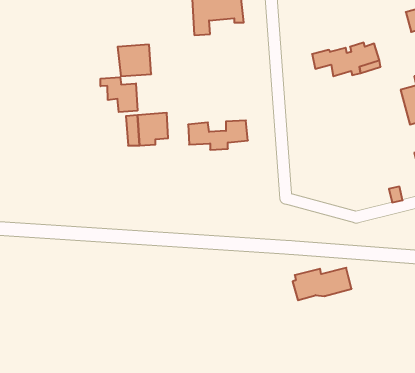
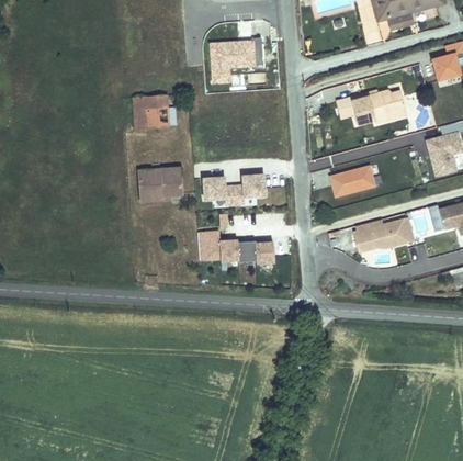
building: [101,77,137,112] -> none
building: none -> [330,168,374,196]
building: none -> [199,229,275,261]
building: [293,268,352,300] -> [353,218,415,252]

